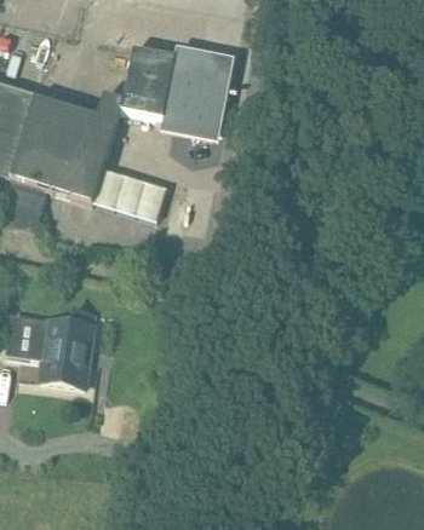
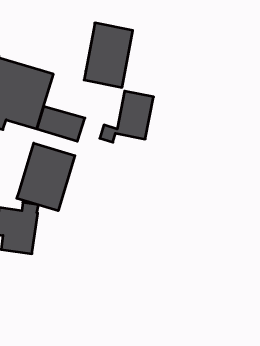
building: [96,46,174,121] -> [100,91,154,142]
building: none -> [17,143,75,211]

